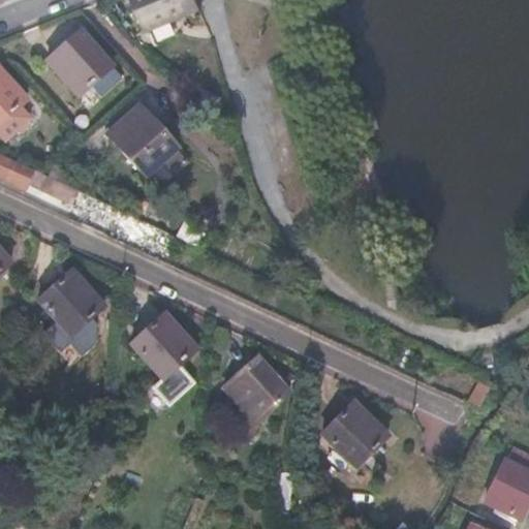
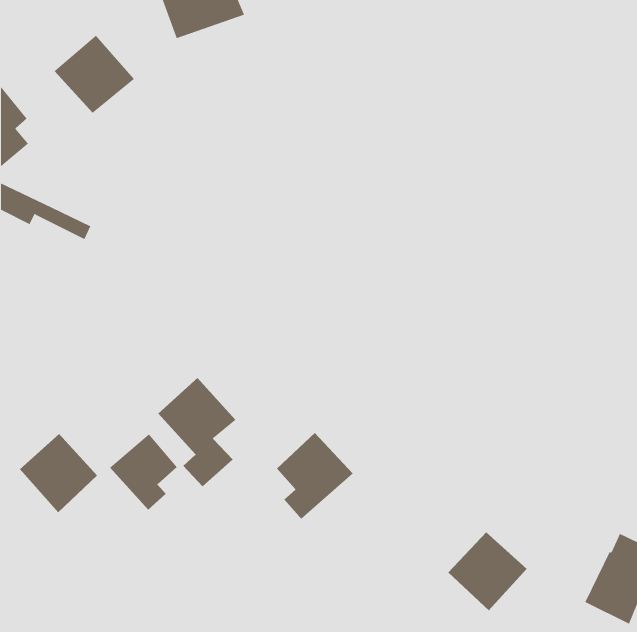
building: [102,106,173,178] -> none
building: [37,269,102,335] -> [19,433,98,513]
building: none -> [109,433,177,510]
building: [321,399,387,465] -> [447,531,527,611]

